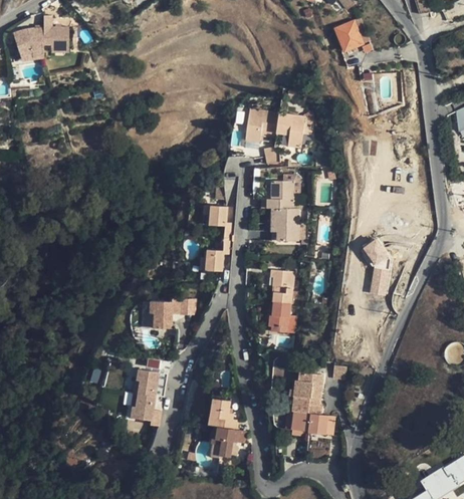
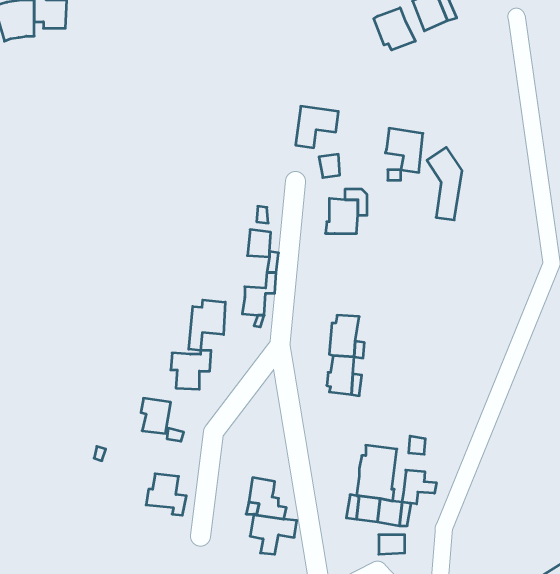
building: none -> [374,8,415,50]
building: [275,113,304,148] -> [385,128,423,172]
building: [275,208,298,241] -> none
building: [363,238,390,294] -> [427,147,462,220]
building: none -> [189,300,225,350]
building: [136,368,159,396] -> [141,398,171,433]
building: none -> [402,470,436,504]

